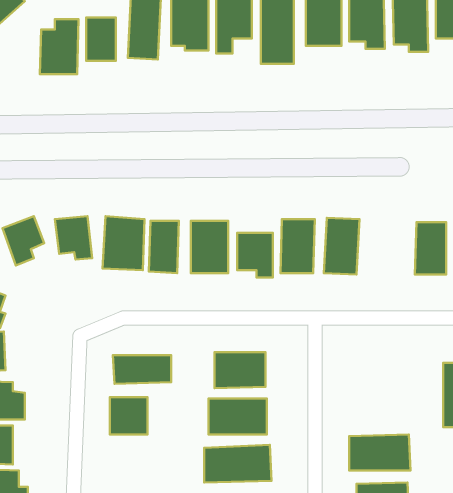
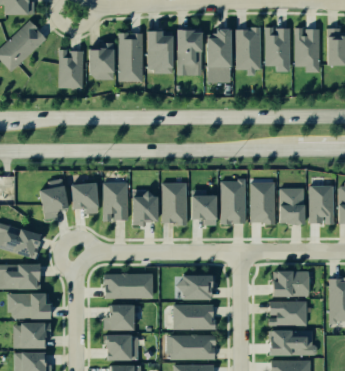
building: none -> [281,186,304,220]
building: none -> [268,272,307,297]
building: none -> [271,303,303,321]
building: none -> [102,336,133,362]

